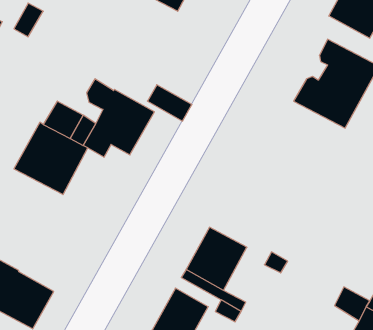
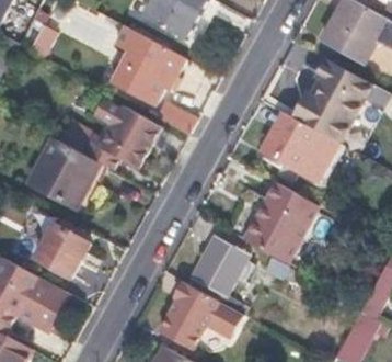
building: none -> [119,32,186,106]
building: none -> [262,112,343,184]
building: none -> [243,182,318,263]
building: none -> [35,225,89,278]

